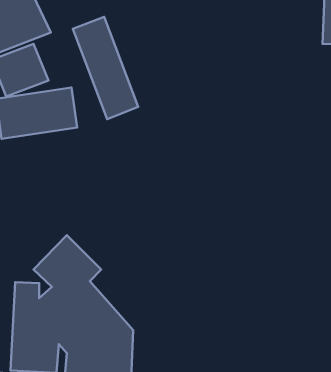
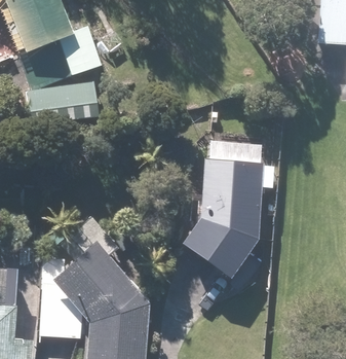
building: [73,17,138,119] -> none
building: none -> [183,141,272,279]

